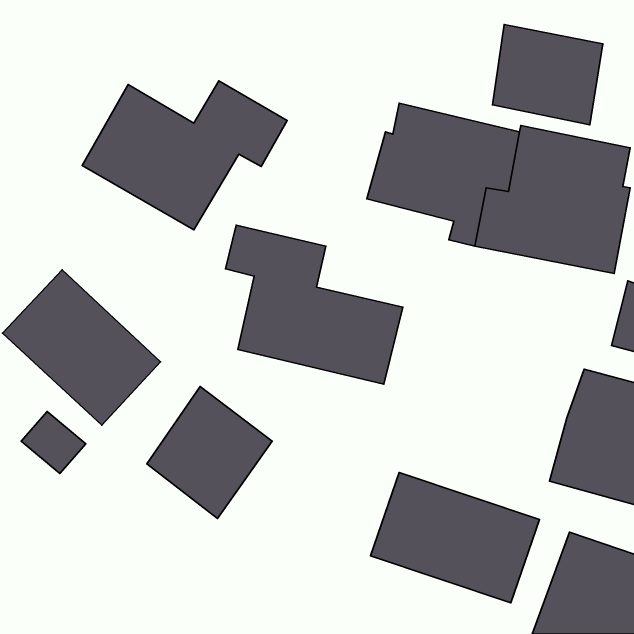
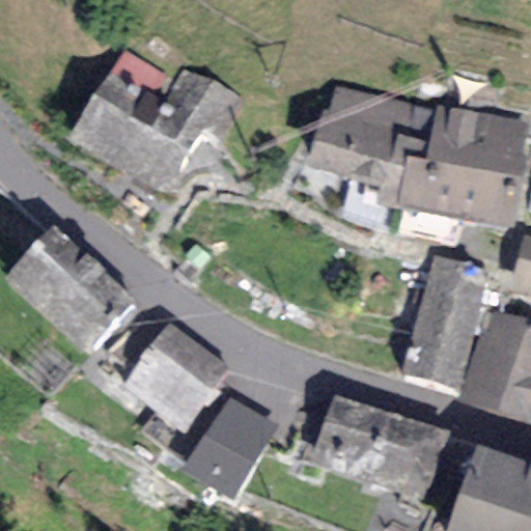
building: [492,24,603,125] -> none
building: [225,225,403,384] -> none
building: none -> [401,255,490,389]
building: none -> [184,395,278,500]

